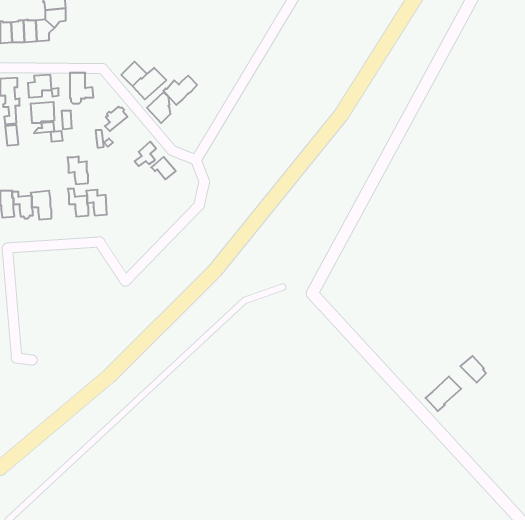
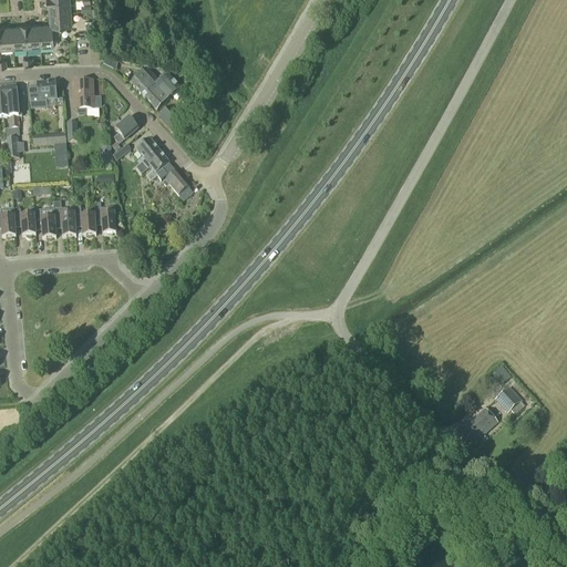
building: [163,76,197,105] -> none
building: [31,102,54,123] -> none
building: none -> [135,136,162,172]
building: [67,156,88,184] -> [53,205,75,235]

